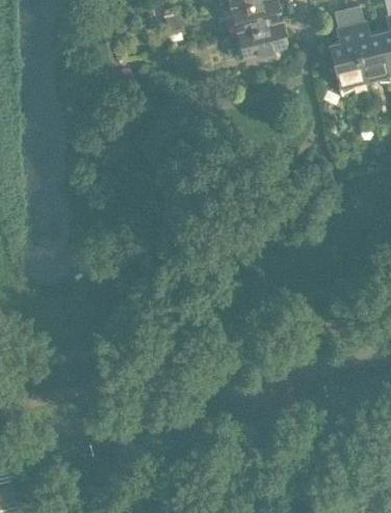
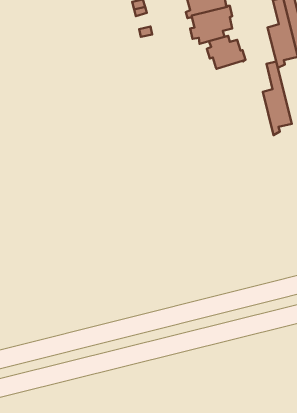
building: none -> [207,36,245,69]
building: none -> [263,62,292,135]

